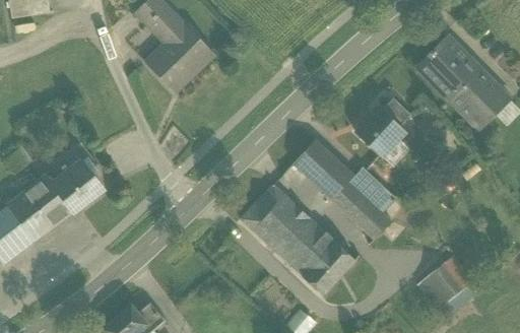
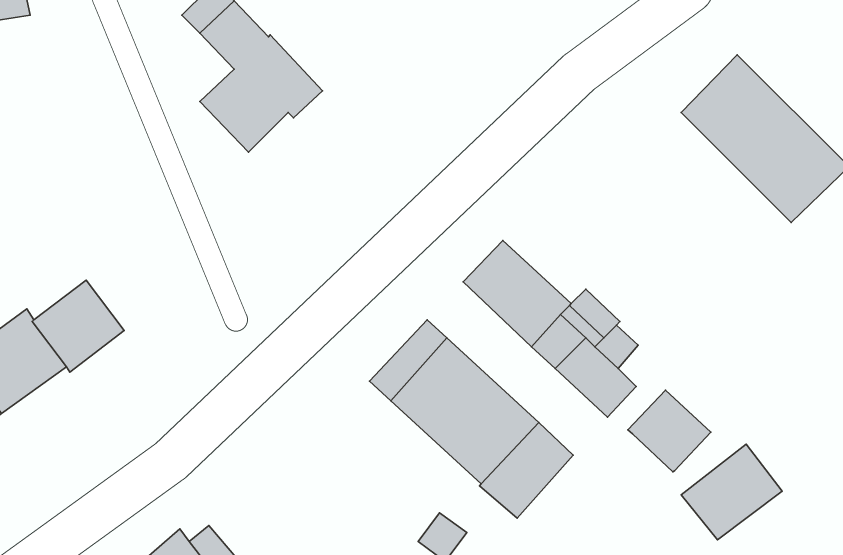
building: [356,98,411,156] -> none
building: none -> [628,390,711,472]

